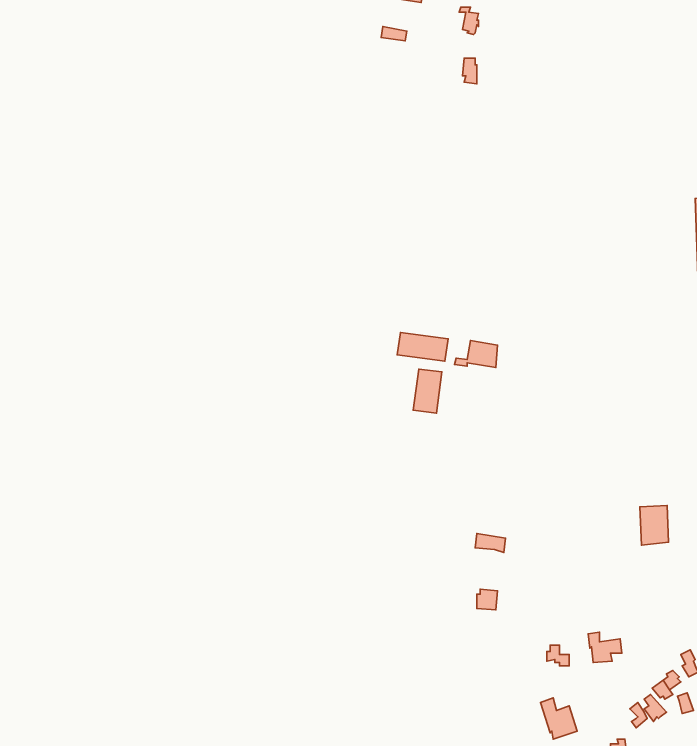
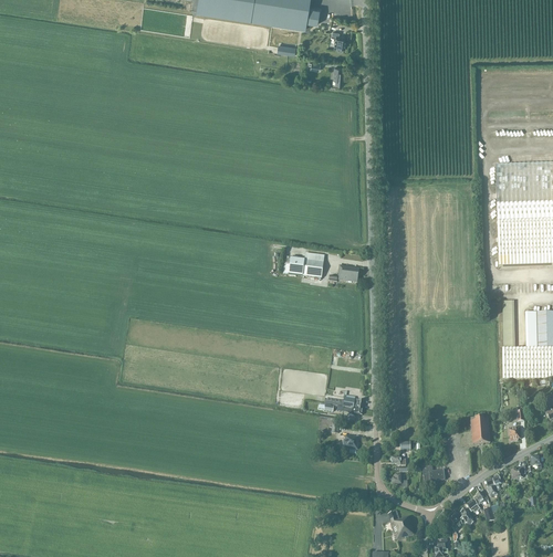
building: [413,369,442,413] -> none
building: [640,505,669,545] -> [470,417,490,444]

